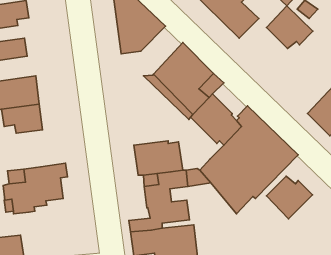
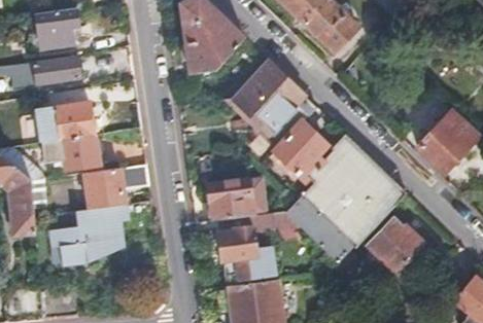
building: [266,6,313,49] -> none
building: none -> [84,166,149,210]

